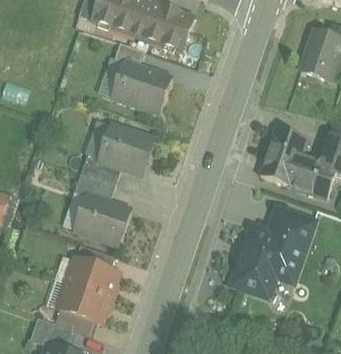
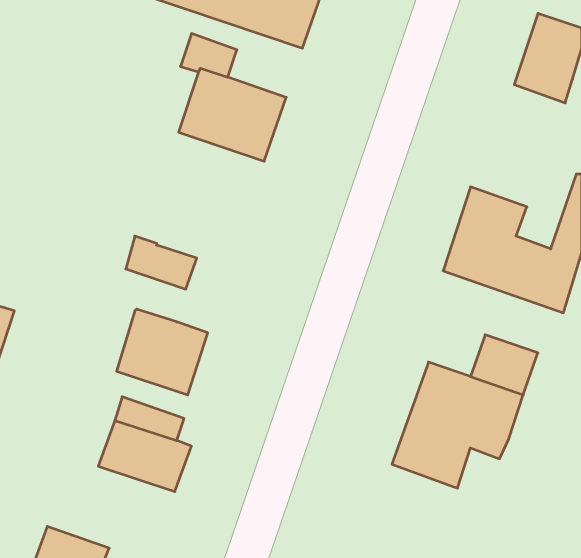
building: [99,124,152,172] -> none
building: [75,173,116,203] -> none
building: [58,283,110,322] -> none

